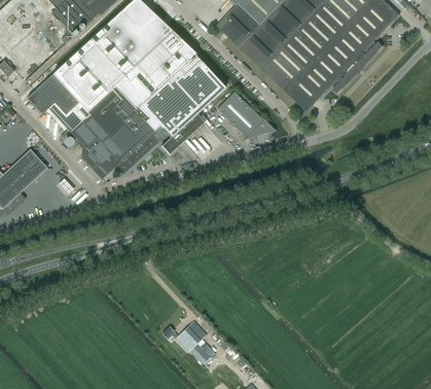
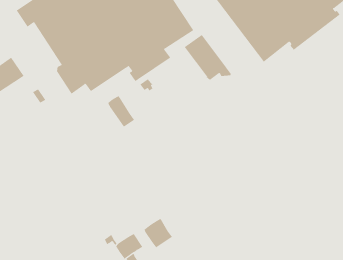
building: none -> [107,95,135,127]
building: none -> [144,218,173,248]

